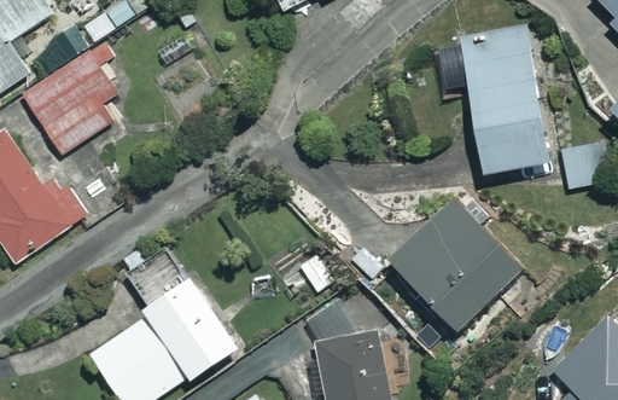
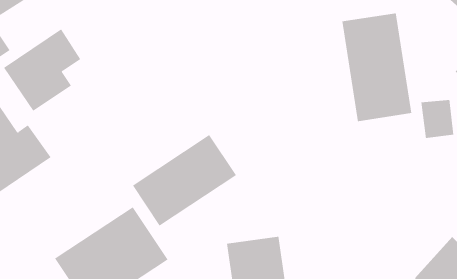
building: none -> [132,134,237,227]
building: [387,191,529,332] -> none

